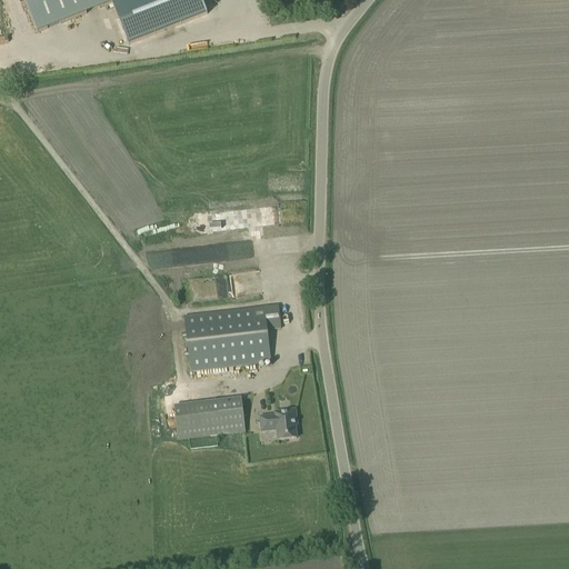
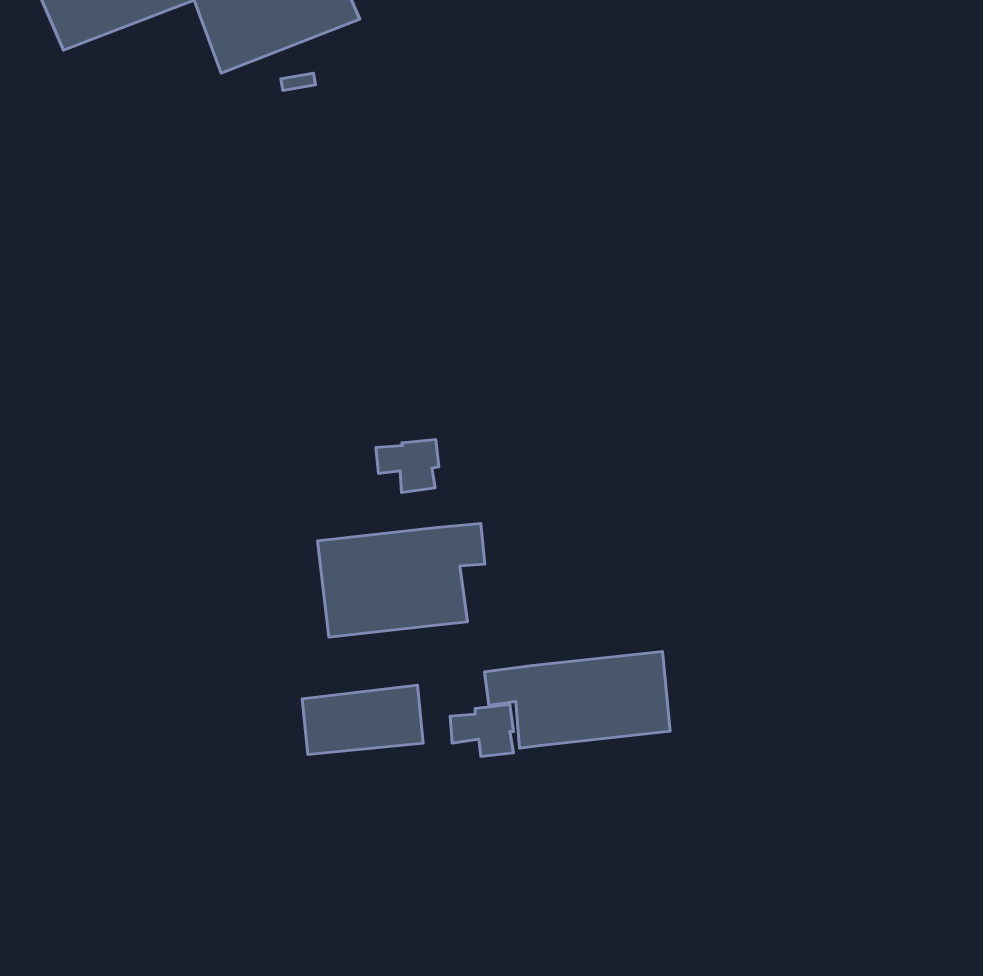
building: none -> [376,440,439,492]
building: none -> [484,651,670,748]

